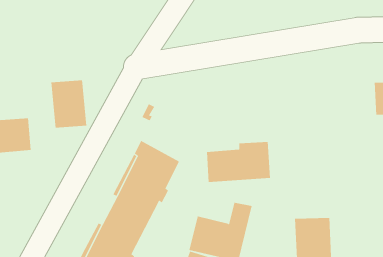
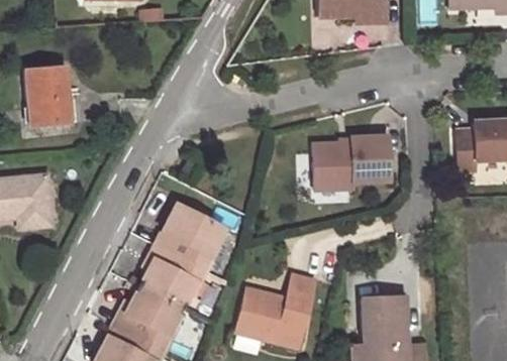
building: [50,80,87,128] -> [25,67,69,124]
building: [206,141,271,182] -> [312,136,389,185]

